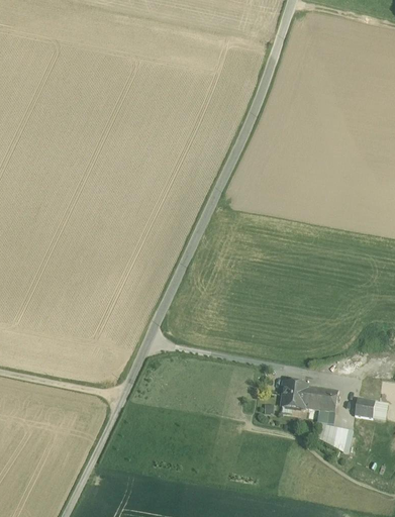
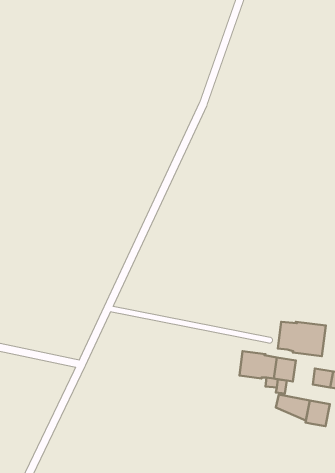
building: none -> [278,322,326,356]
building: none -> [305,401,330,426]

